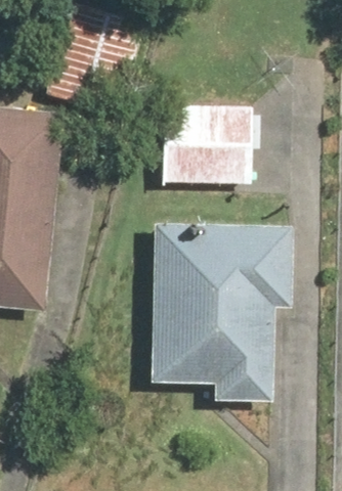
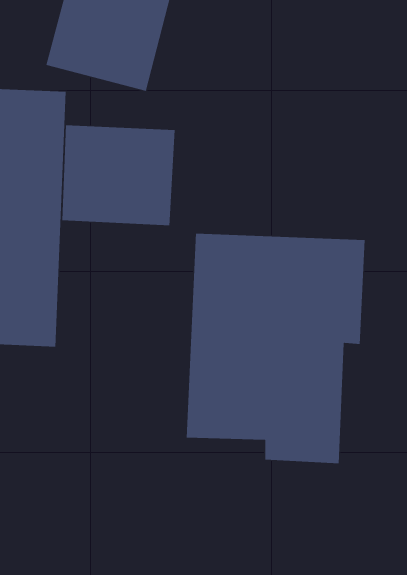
building: [164,105,253,184] -> [61,125,176,226]

